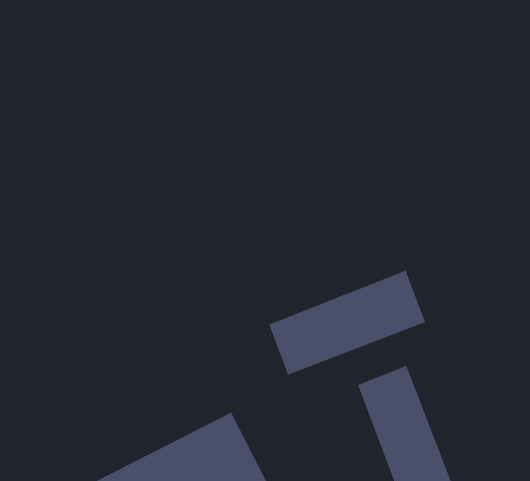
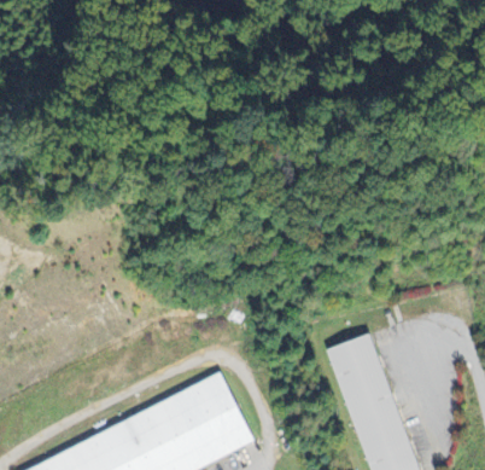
building: [269,270,426,376] -> none

